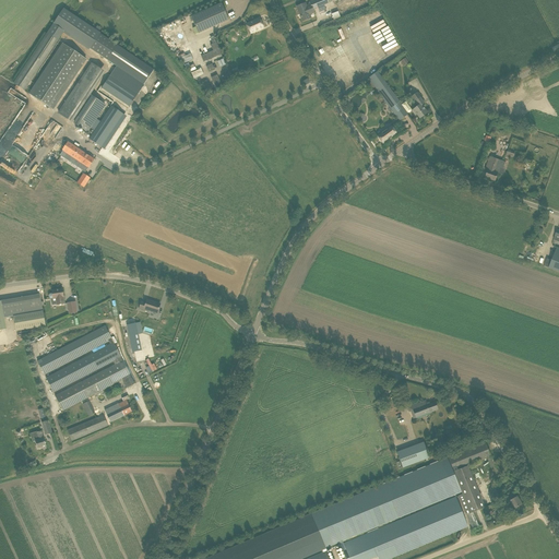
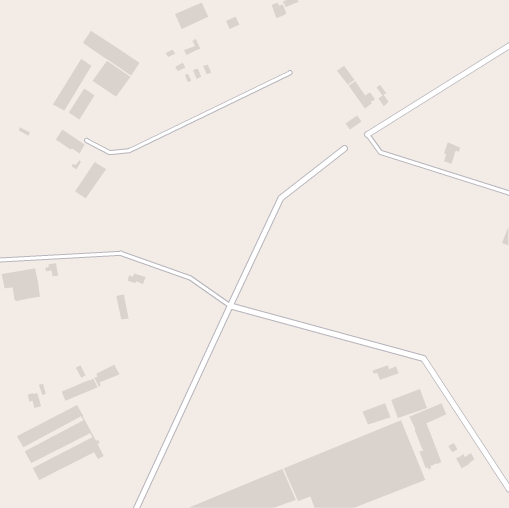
building: [53,8,99,47] -> none
building: [29,43,86,108] -> none
building: [88,105,124,146] -> [74,161,107,199]
building: [37,325,134,409] -> [16,404,104,481]
building: none -> [391,388,428,419]

